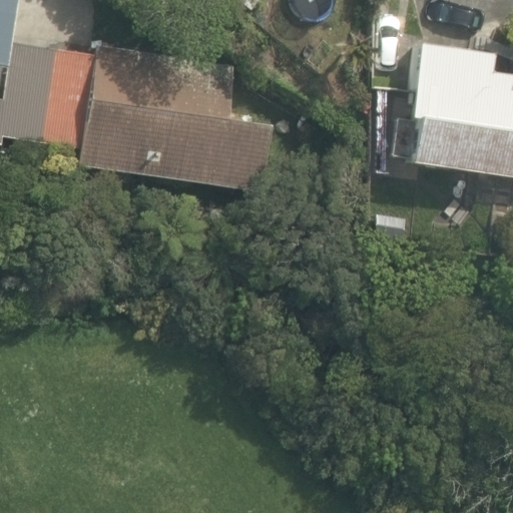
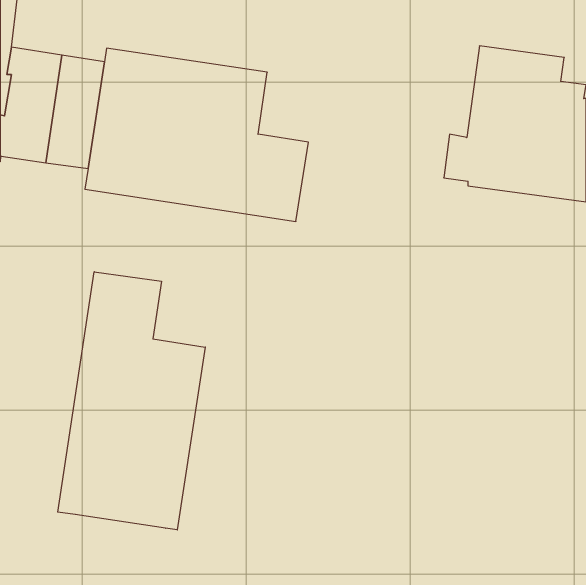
building: none -> [58,272,205,530]

